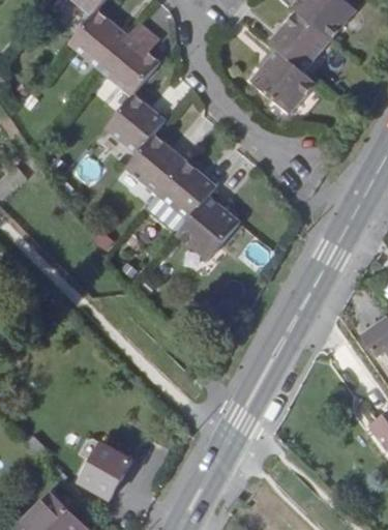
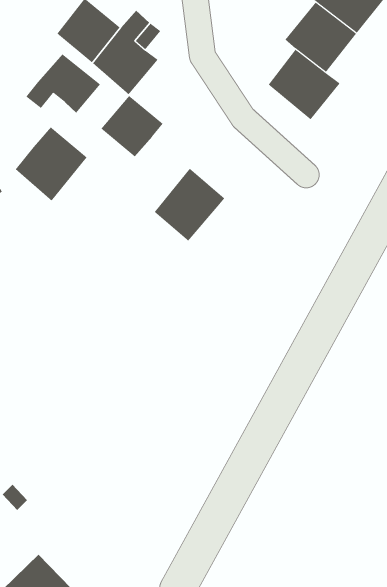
building: none -> [25,53,101,114]
building: [122,132,185,198] -> [15,127,87,201]
building: [177,194,239,259] -> none
building: [80,444,129,498] -> none

